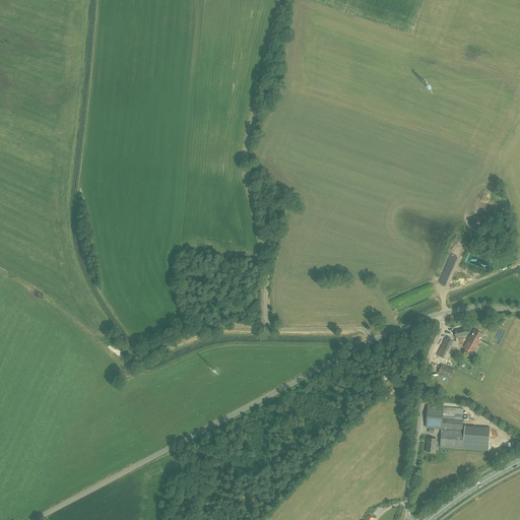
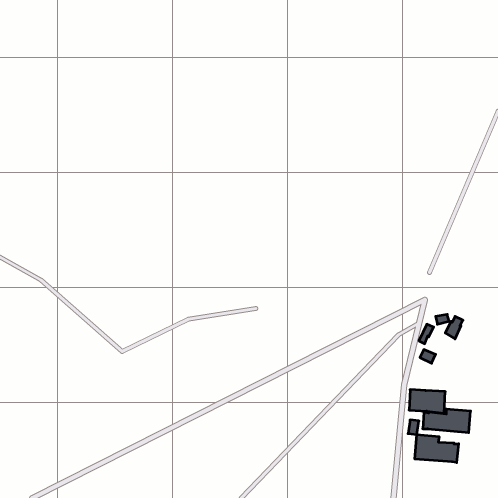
building: none -> [415,435,459,463]

